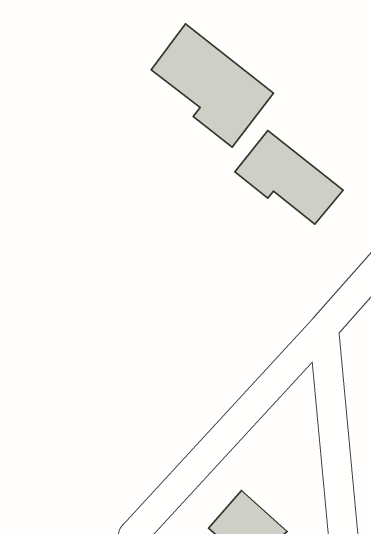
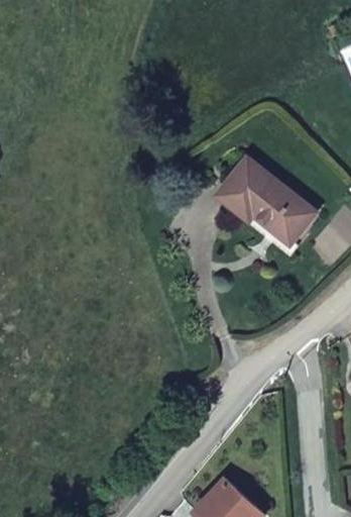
building: [151,24,274,147] -> none

